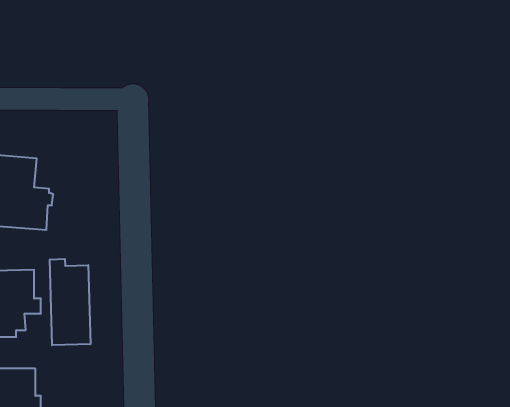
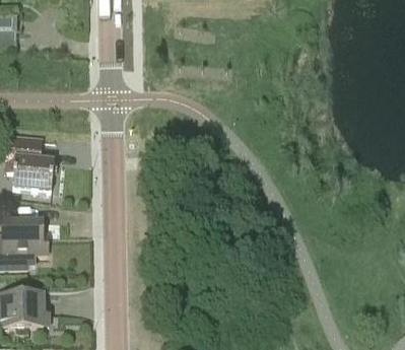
building: [50,259,90,345] -> none

